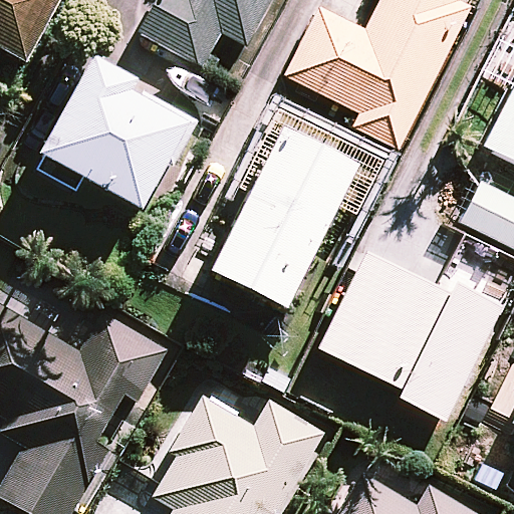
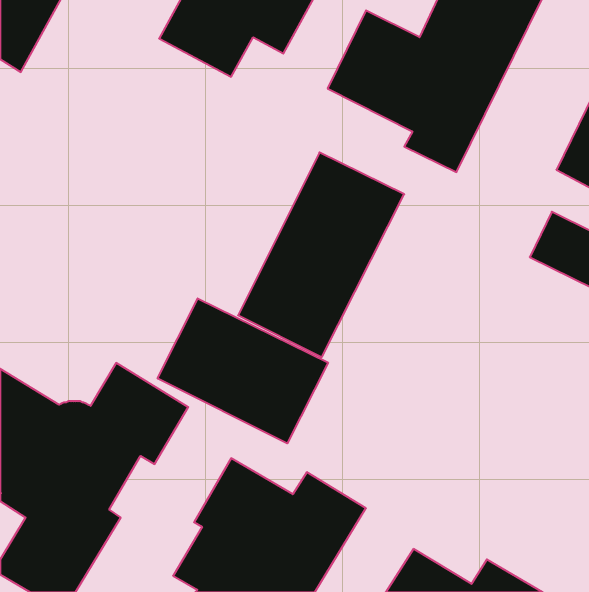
building: [37,61,194,213] -> none
building: [319,241,502,421] -> none
building: none -> [158,298,328,443]

